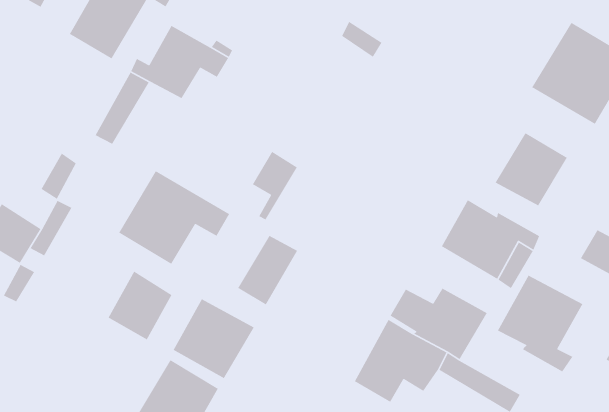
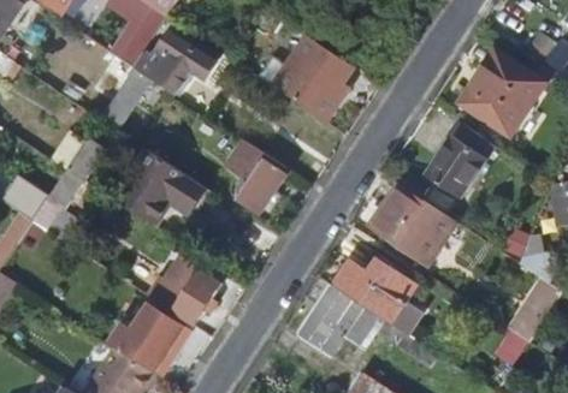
building: none -> [286,60,347,119]
building: [237,235,298,306] -> [237,155,289,213]
building: [108,271,173,340] -> none
building: [497,275,584,373] -> none

